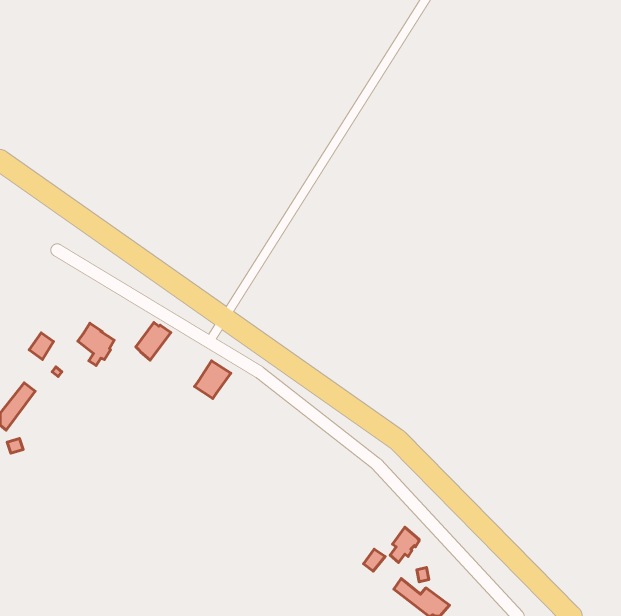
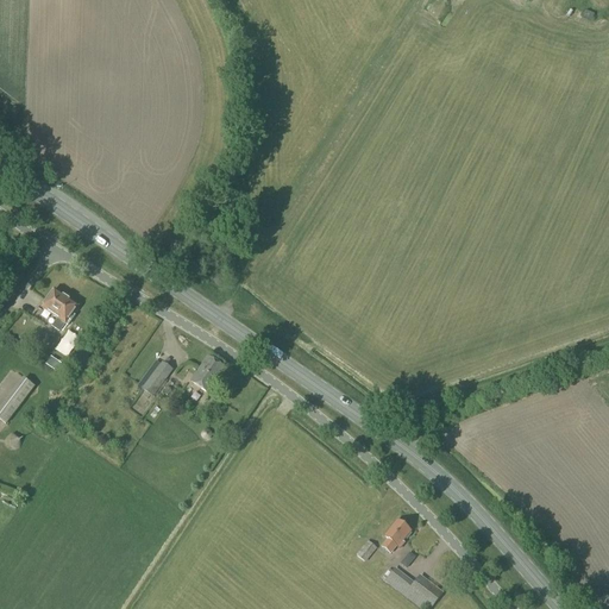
building: [136,323,171,360] -> [138,357,172,394]
building: [78,323,114,366] -> [42,285,77,327]

